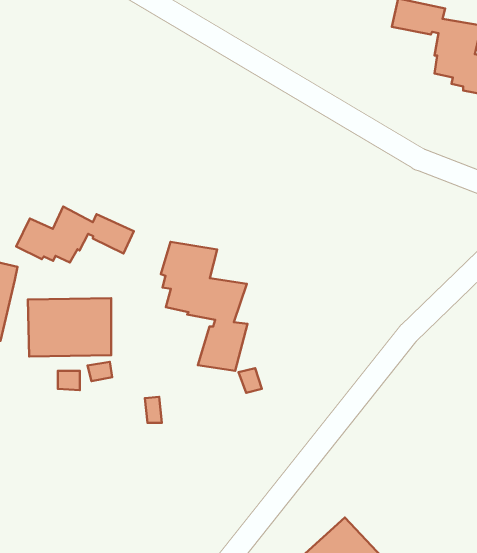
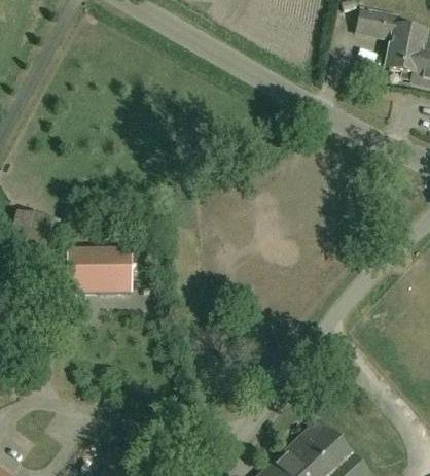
building: [16,207,134,263] -> none
building: [161,242,247,371] -> none

